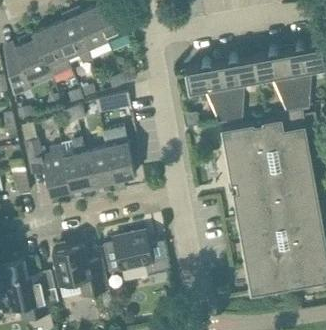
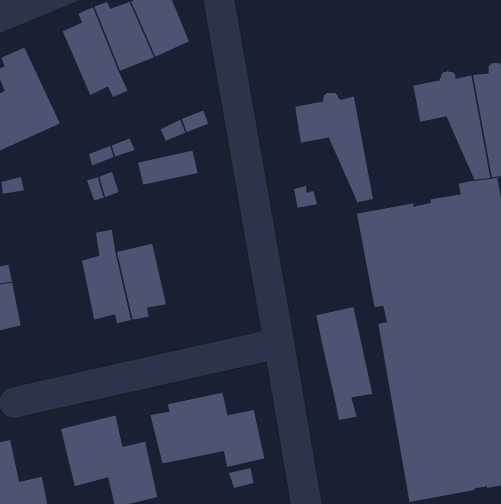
building: [32,26,71,78] -> none
building: [220,56,257,122] -> none
building: [102,127,135,192] -> [315,307,373,420]
building: [25,140,71,196] -> none

